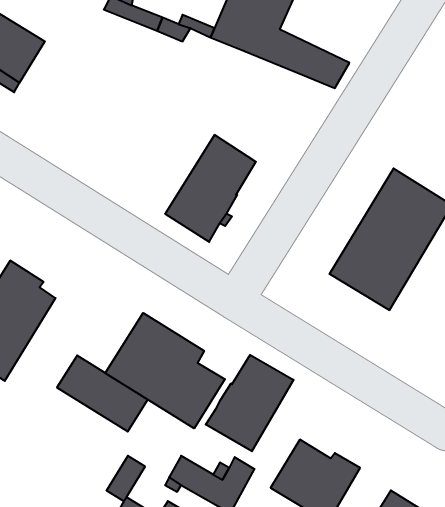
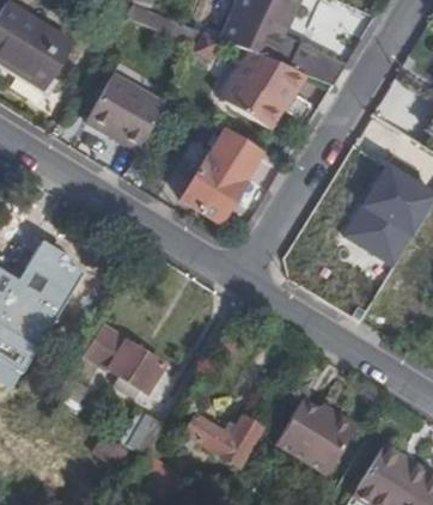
building: none -> [221,53,304,128]
building: none -> [86,74,164,151]
building: [105,313,225,428] -> none
building: [206,355,294,451] -> none

